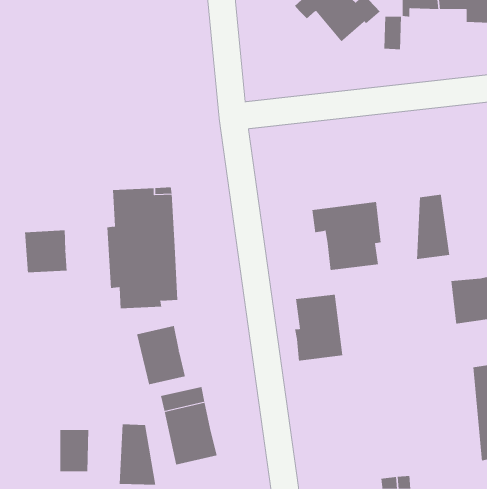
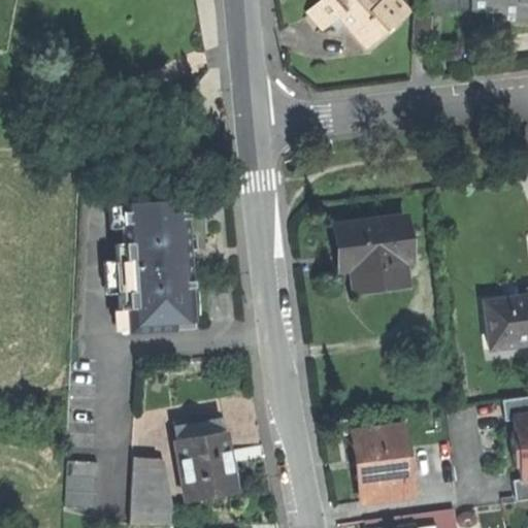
building: [417,194,450,260] -> none
building: [25,230,67,273] -> none
building: [294,294,343,361] -> [361,427,414,499]
building: [136,325,186,385] -> none

